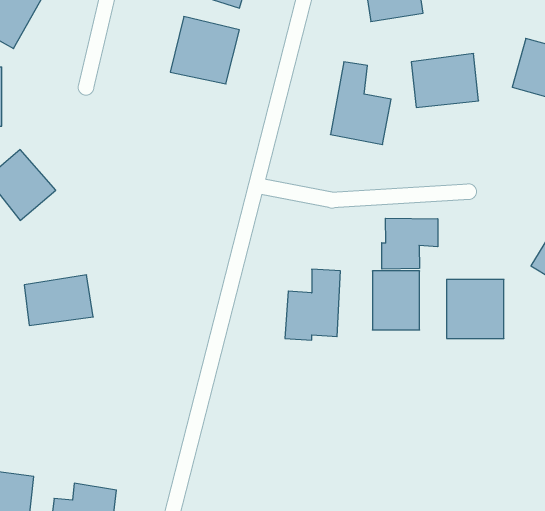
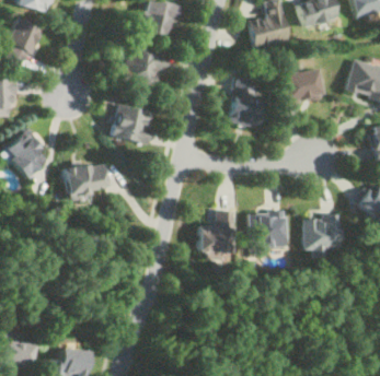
building: none -> [114,103,157,143]
building: [382,218,438,269] -> none
building: [24,275,93,325] -> [67,162,112,195]

